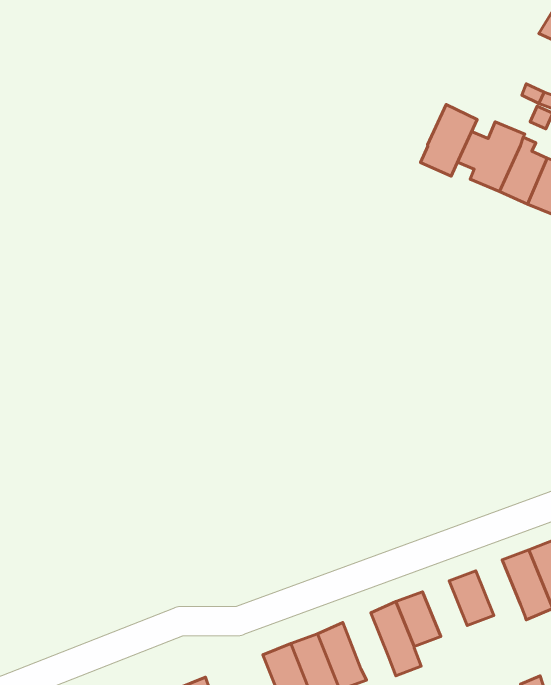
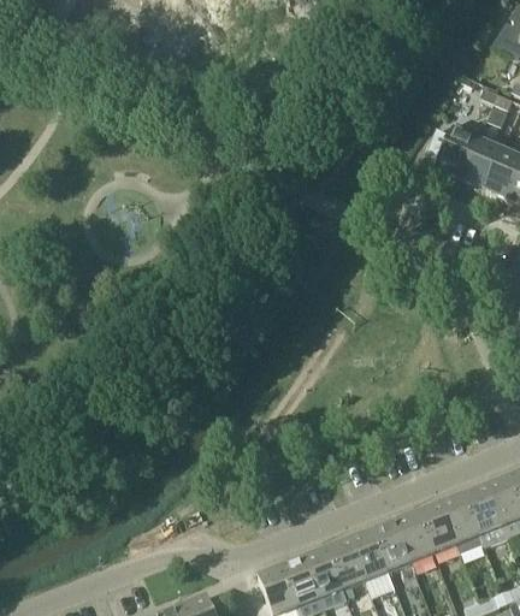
building: [421,104,477,176] -> none
building: none -> [443,493,485,551]
building: none -> [397,511,436,559]
building: none -> [329,539,368,594]

